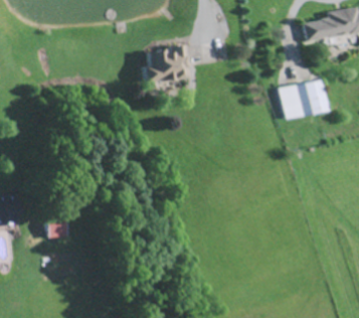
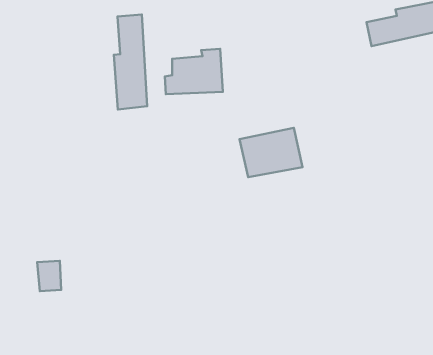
building: none -> [114,15,147,110]
building: [279,80,329,119] -> [239,128,303,177]

